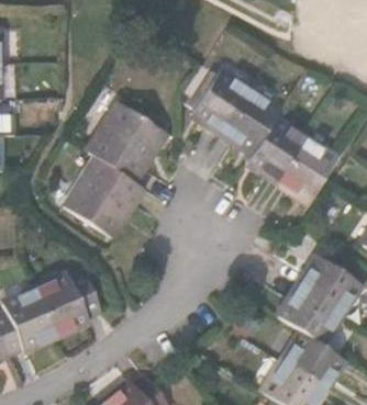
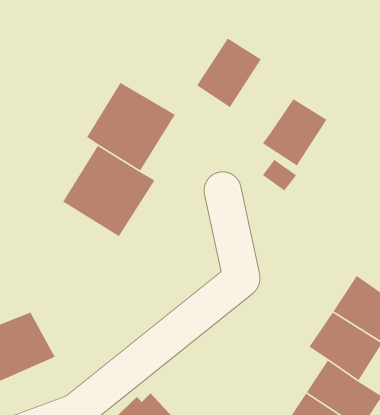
building: [211,79,274,144] -> none
building: [269,132,325,192] -> none
building: [37,280,102,338] -> none

